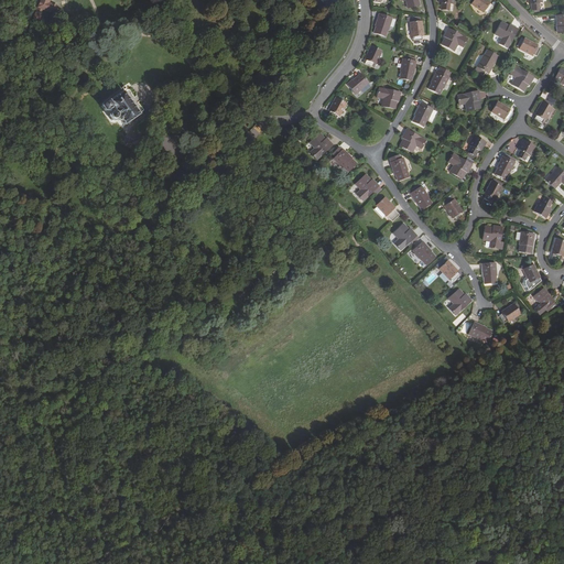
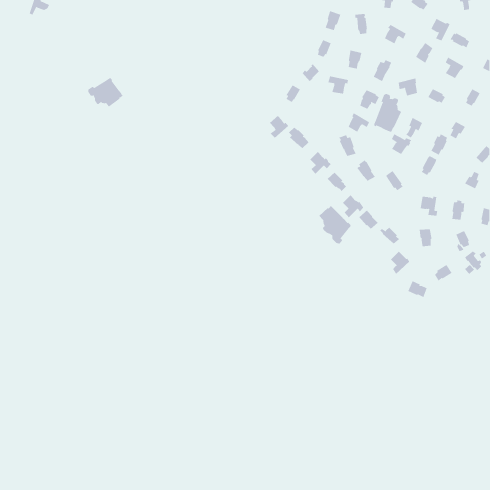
building: none -> [374,93,402,134]
building: none -> [318,205,351,245]

